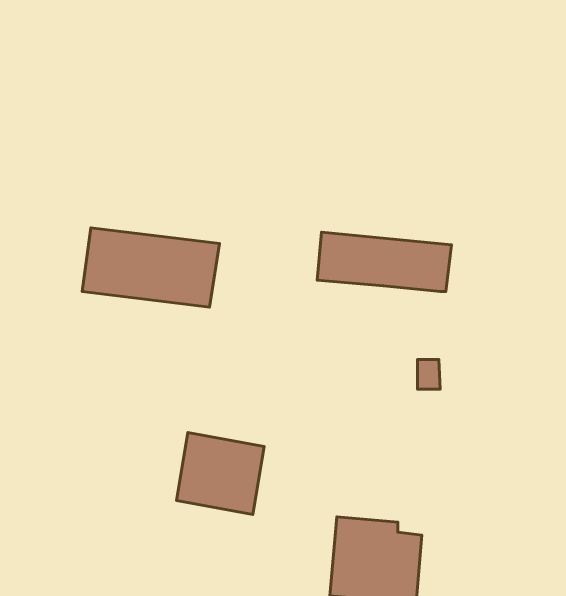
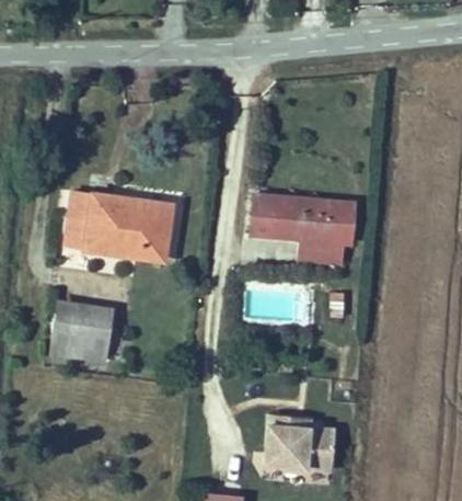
building: none -> [300,237,347,263]
building: [176,432,264,515] -> [47,299,115,363]

